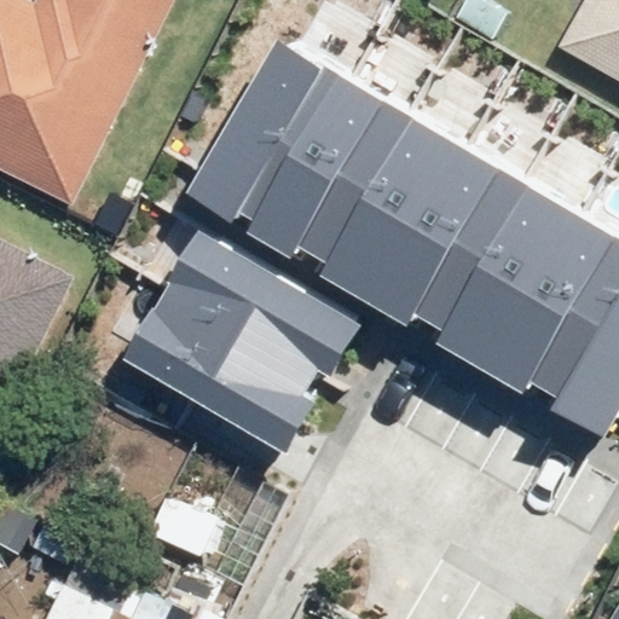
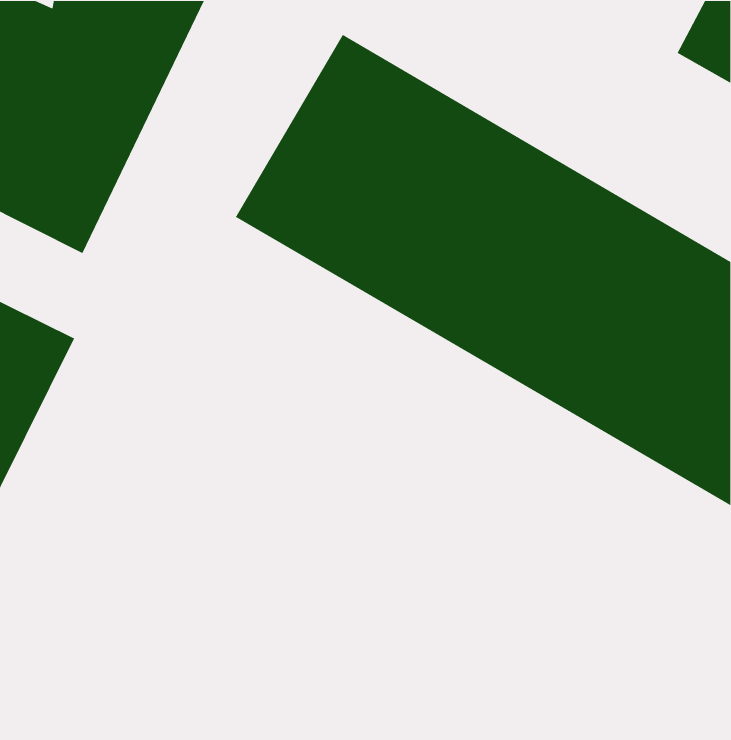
building: [128,226,361,451] -> none

